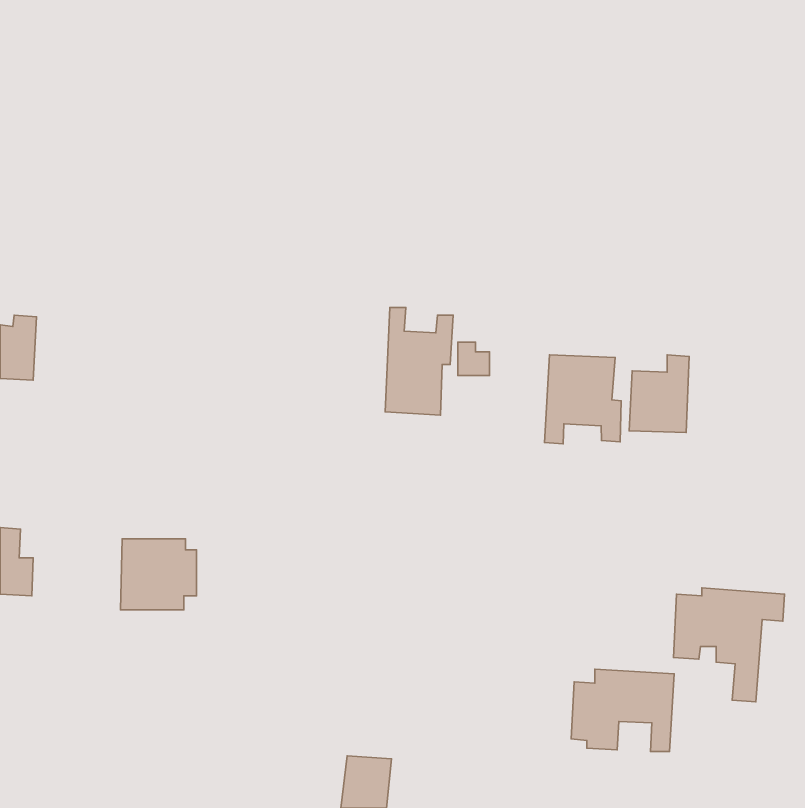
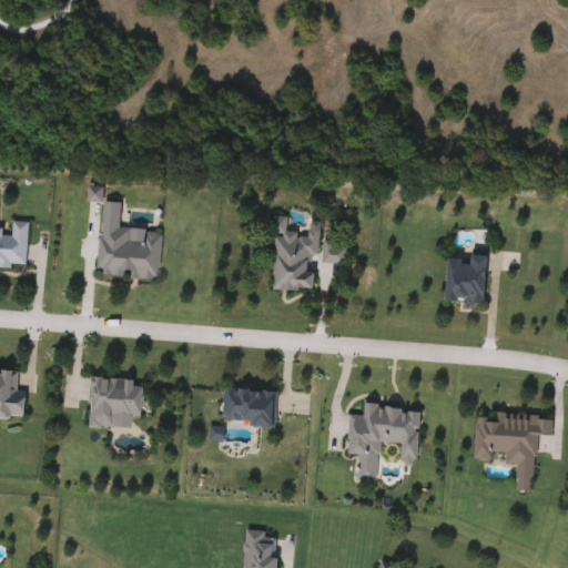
building: none -> [97,200,162,280]
building: [544,355,621,444] -> none
building: none -> [223,387,277,425]
building: [571,669,674,751] -> [347,405,419,463]

